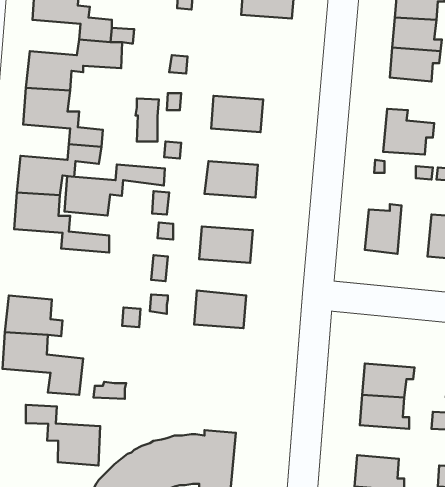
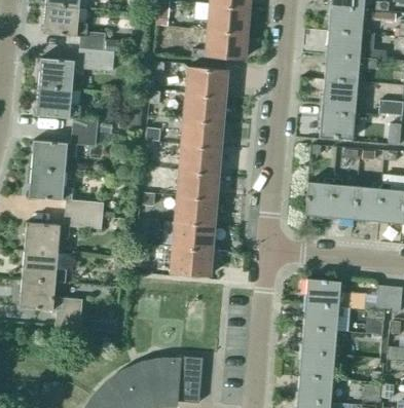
building: none -> [206,29,248,59]
building: none -> [186,66,228,96]
building: none -> [323,78,362,114]
building: none -> [182,118,223,147]
building: [65,164,165,215] -> [25,213,104,253]
building: none -> [177,170,219,198]
building: none -> [331,179,358,219]
building: none -> [173,221,215,250]
building: none -> [305,279,344,306]
building: [26,405,100,466] -> none
building: none -> [299,351,340,378]

